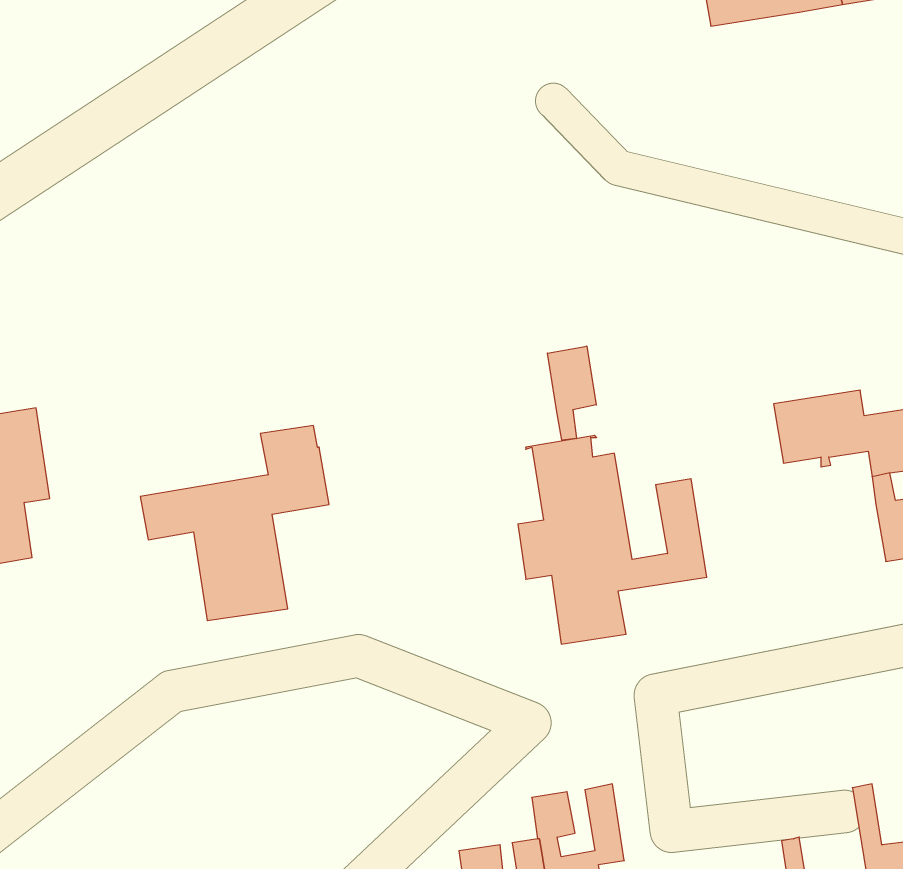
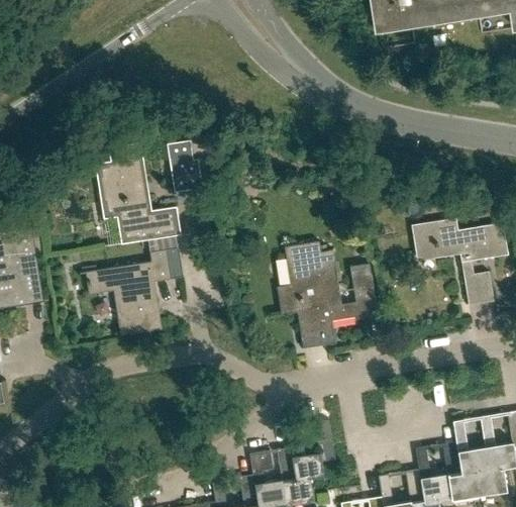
building: none -> [167,141,202,193]
building: none -> [95,143,181,244]
building: [547,346,596,440] -> none

